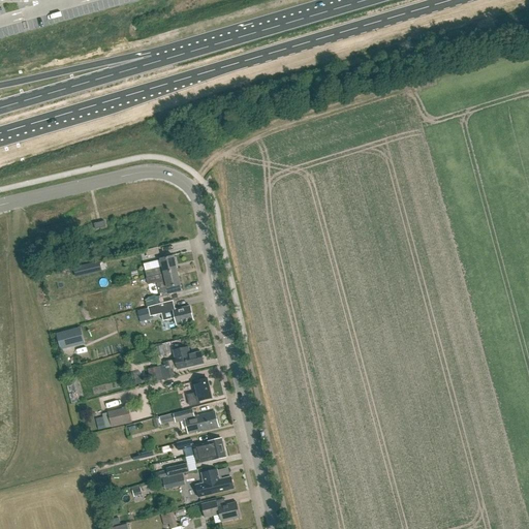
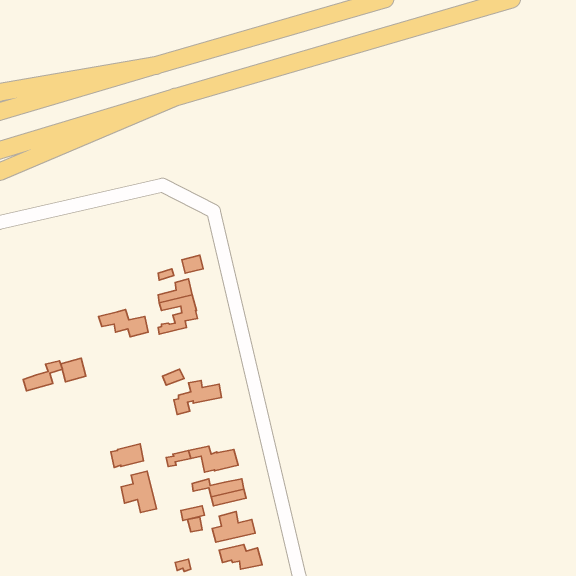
building: [147,300,192,324] -> [98,310,148,337]
building: none -> [23,361,62,391]
building: [187,377,211,404] -> none
building: none -> [121,471,156,512]

